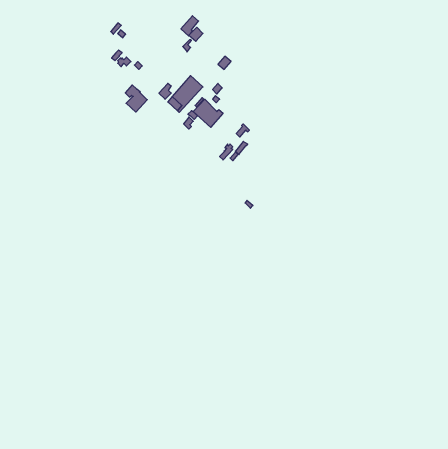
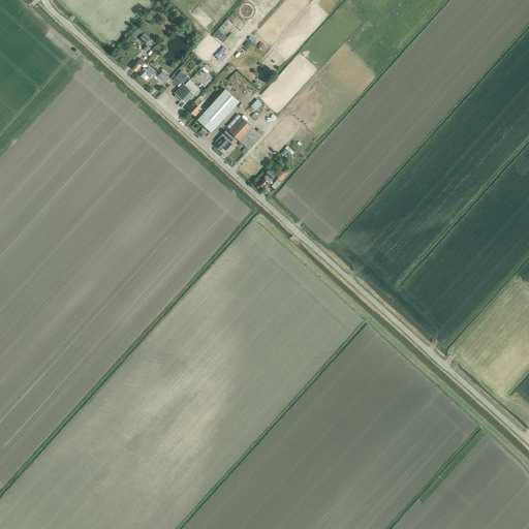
building: [125,85,147,112] -> [173,71,198,103]

